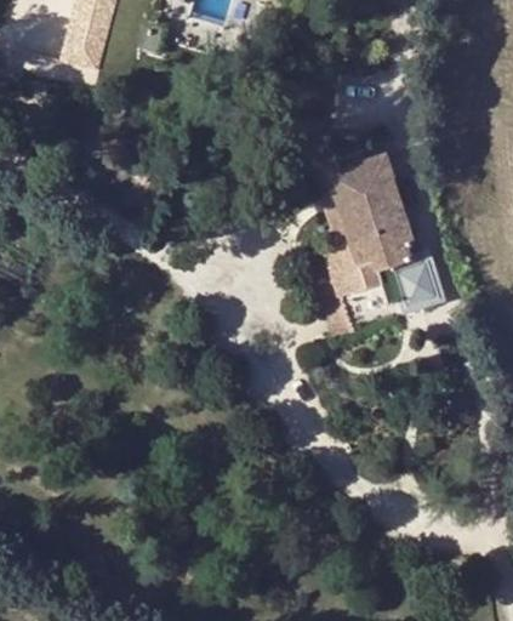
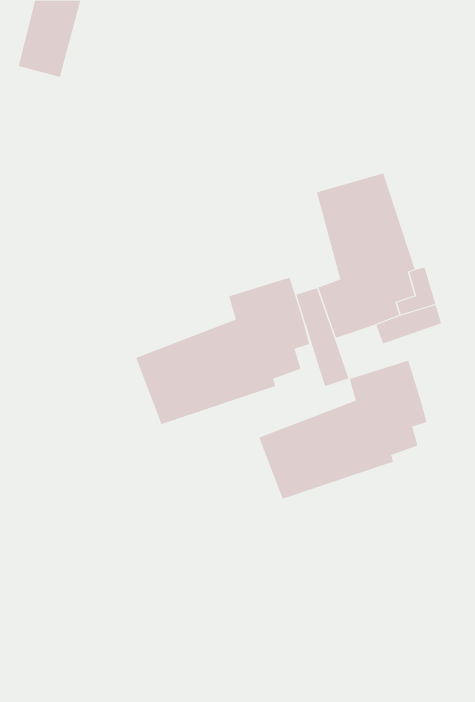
building: none -> [135,277,310,425]
building: none -> [258,360,427,499]

